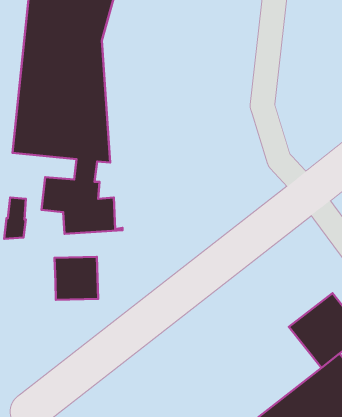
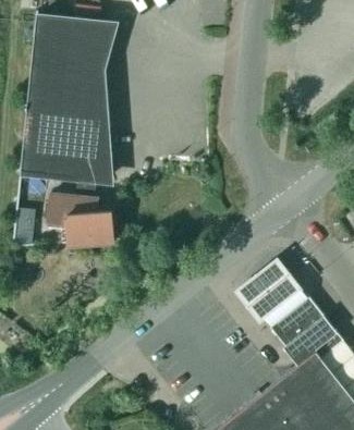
building: none -> [236,259,305,327]
building: [55,257,98,300] -> none

